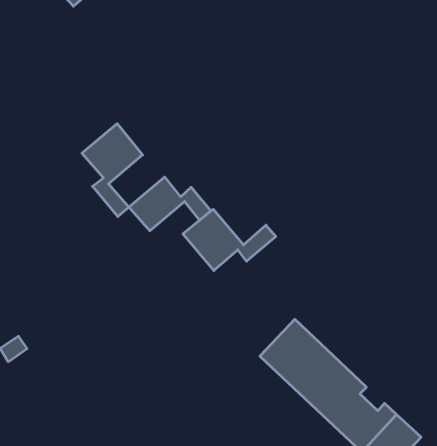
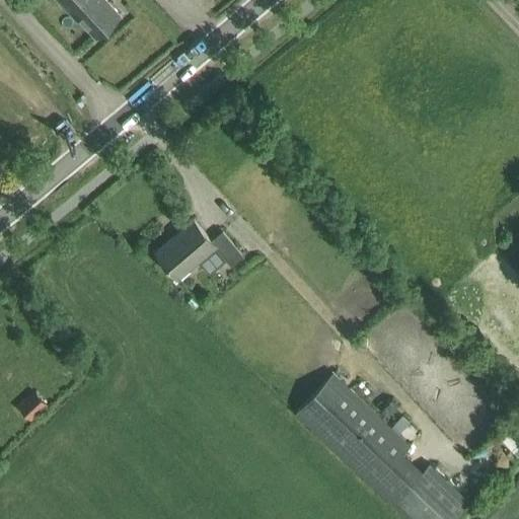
building: [82,124,143,217] -> none
building: [183,209,276,271] -> none

